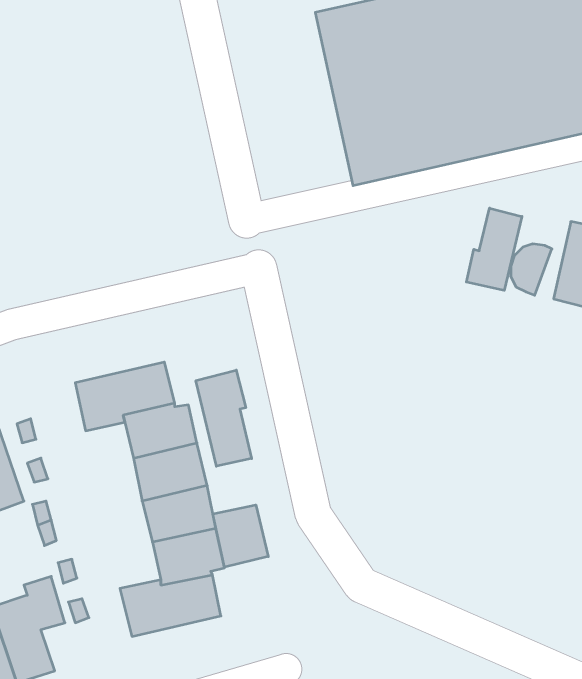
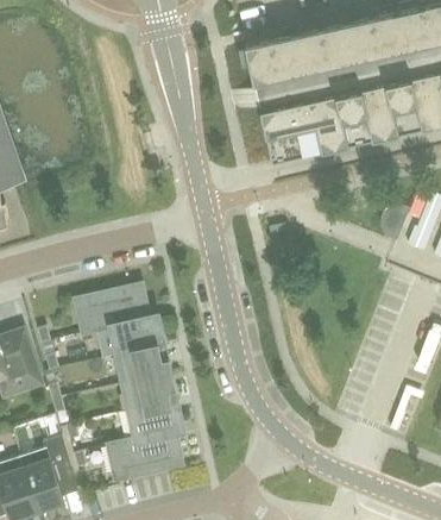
building: [466,208,522,290] -> none
building: [196,370,252,466] -> none
building: [213,505,268,567] -> none

